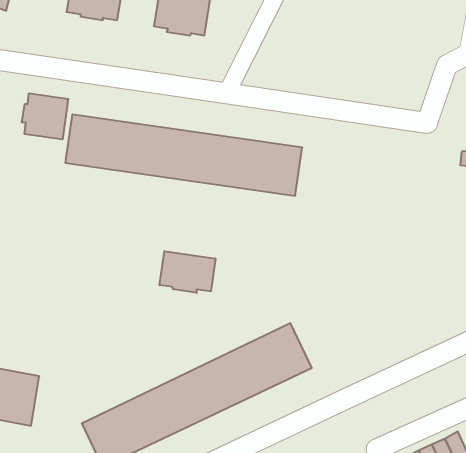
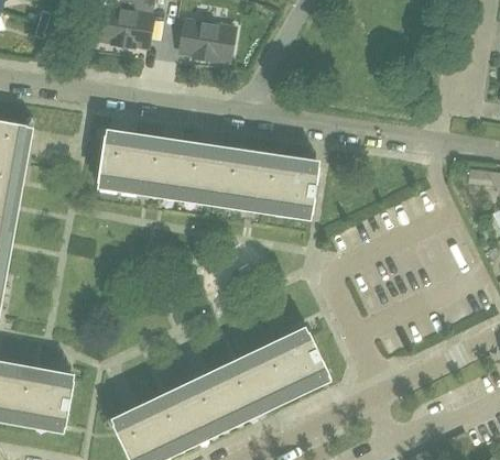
building: [22,93,68,139] -> none
building: [159,251,215,293] -> none

